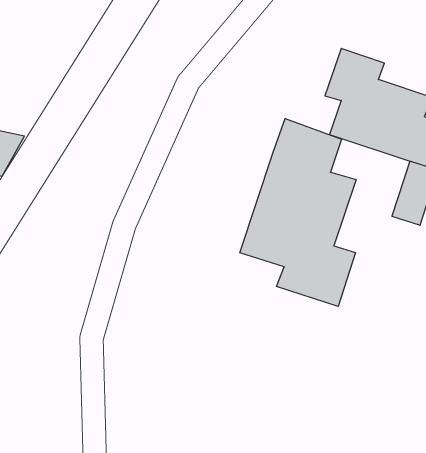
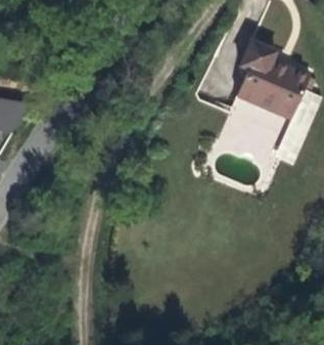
building: [240,118,356,306] -> none

